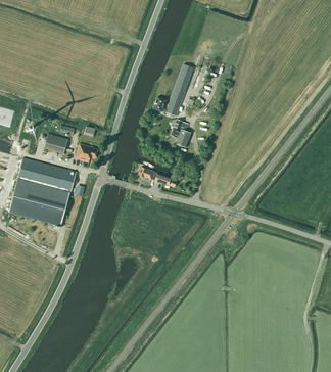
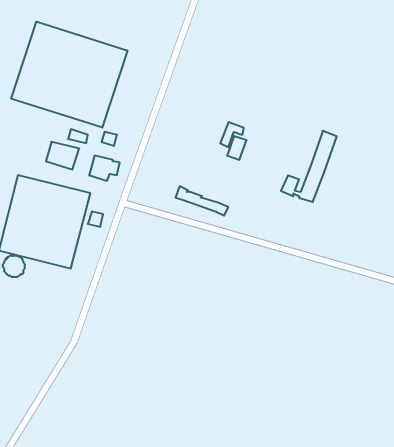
building: none -> [11,22,127,128]
building: [152,64,193,117] -> [281,131,337,202]

